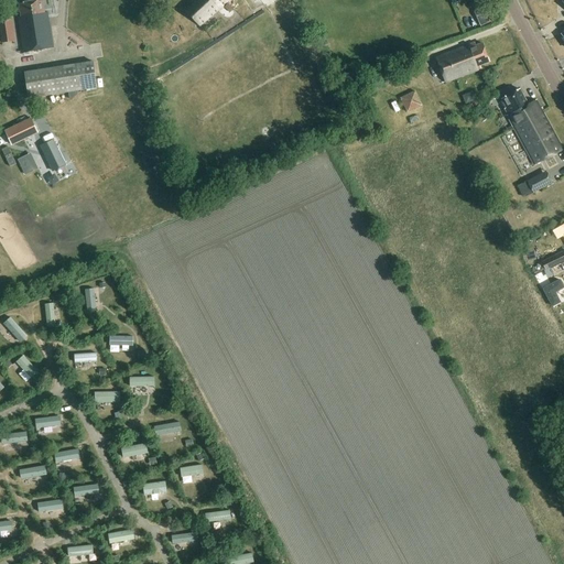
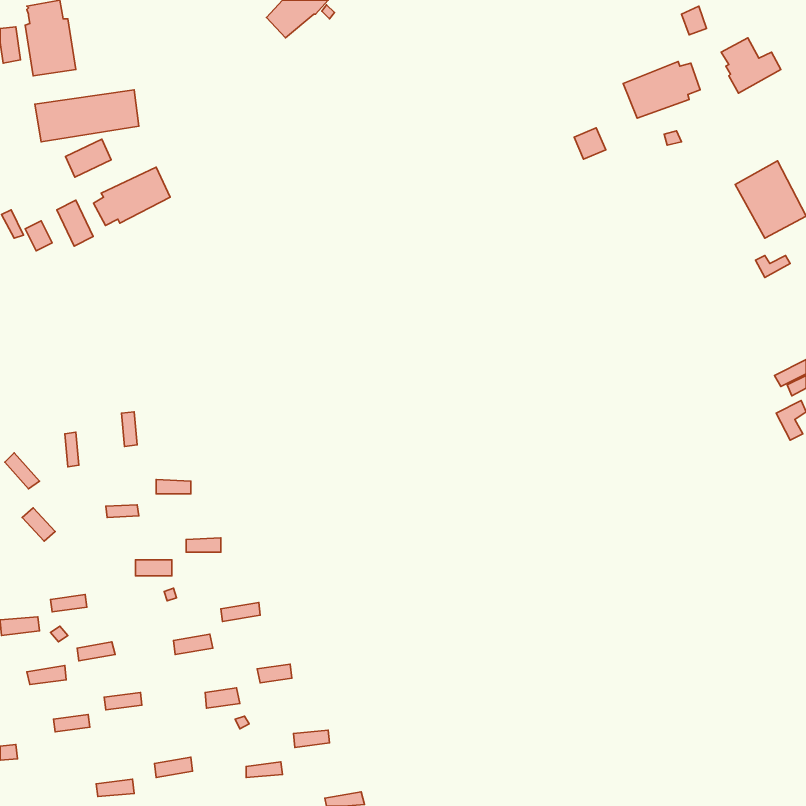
building: [501,90,543,129] -> [721,38,781,93]
building: none -> [93,167,170,225]
building: [6,119,37,145] -> [65,139,111,177]

